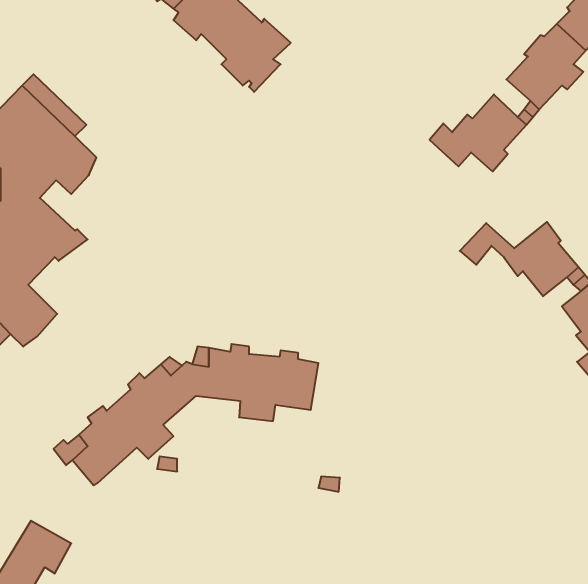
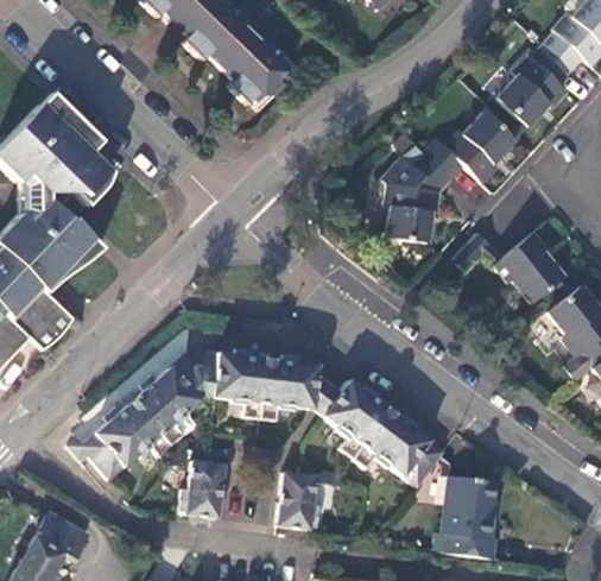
building: none -> [385,153,451,241]
building: none -> [322,378,445,486]
building: none -> [179,460,223,517]
building: none -> [278,471,320,528]
building: none -> [442,473,495,557]

